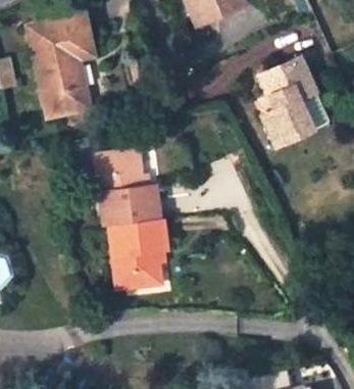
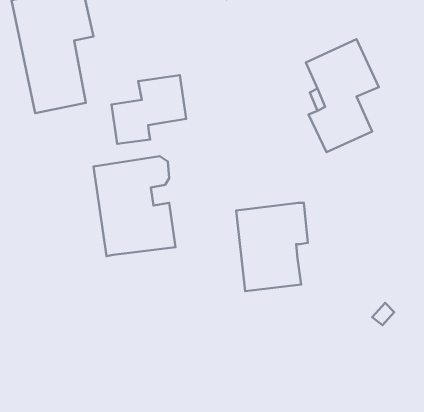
building: none -> [111,75,186,144]
building: [108,221,164,290] -> [236,203,308,291]

